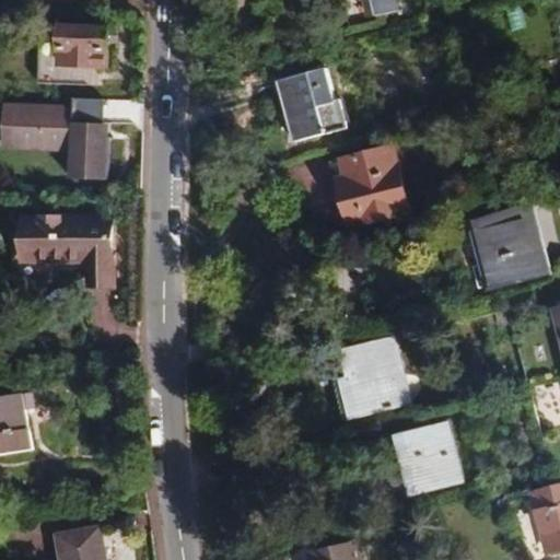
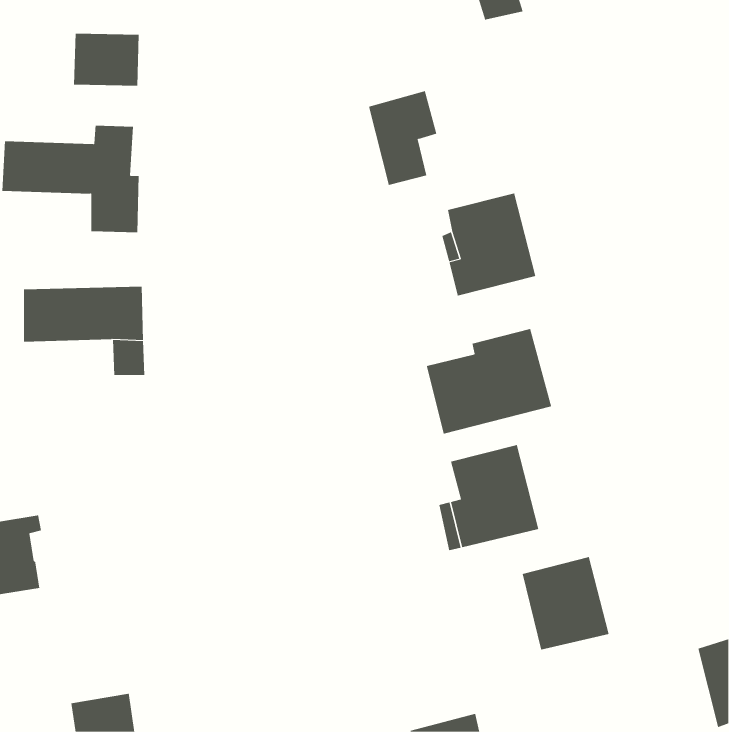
building: [469,202,548,290] -> none
building: none -> [426,328,552,434]

